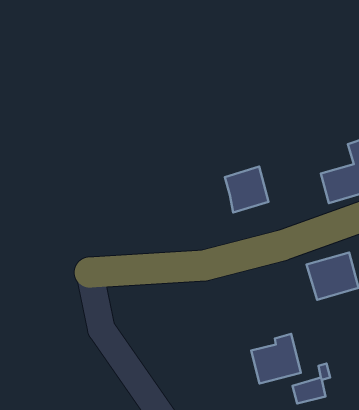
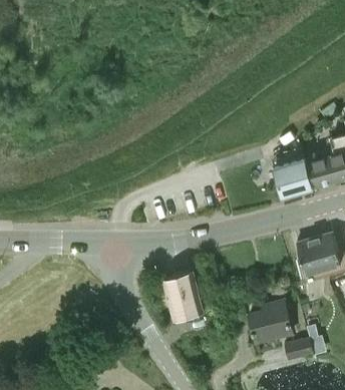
building: [225,166,269,212] -> [275,160,312,200]
building: none -> [164,271,205,318]

